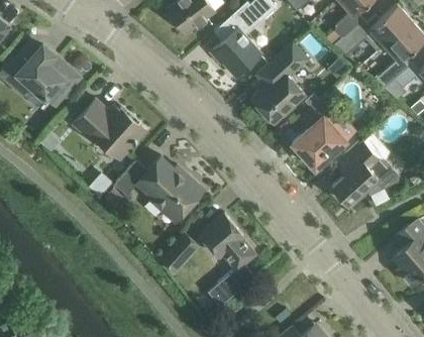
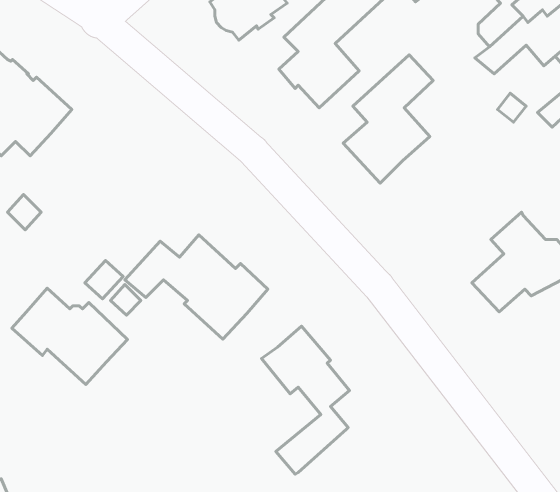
building: [292,97,347,168] -> none
building: [74,99,146,159] -> [12,288,127,384]
building: [161,234,198,272] -> none

